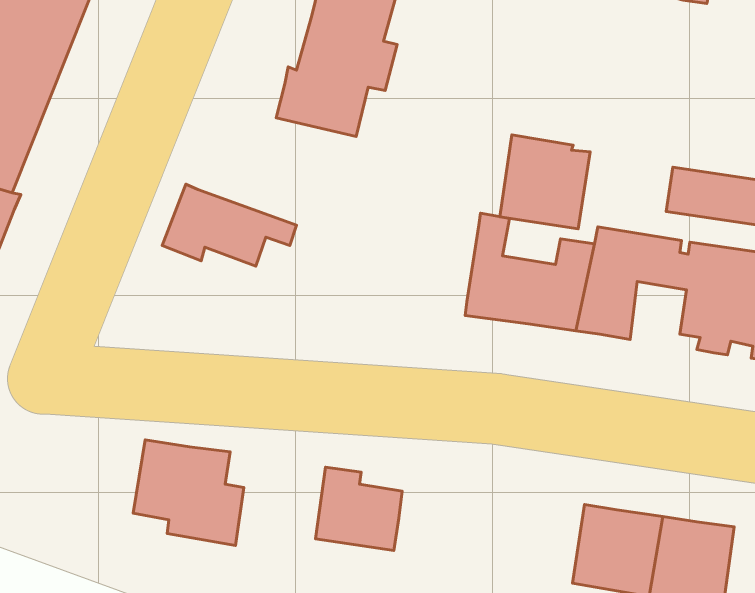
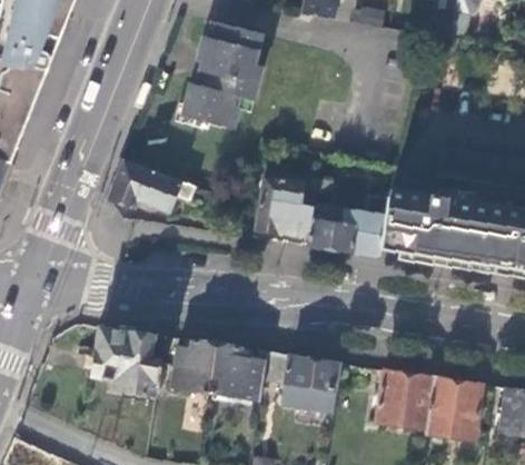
building: [500,135,590,229] -> [255,175,314,236]
building: none -> [413,222,449,265]
building: none -> [169,339,214,390]
building: none -> [261,352,339,414]

